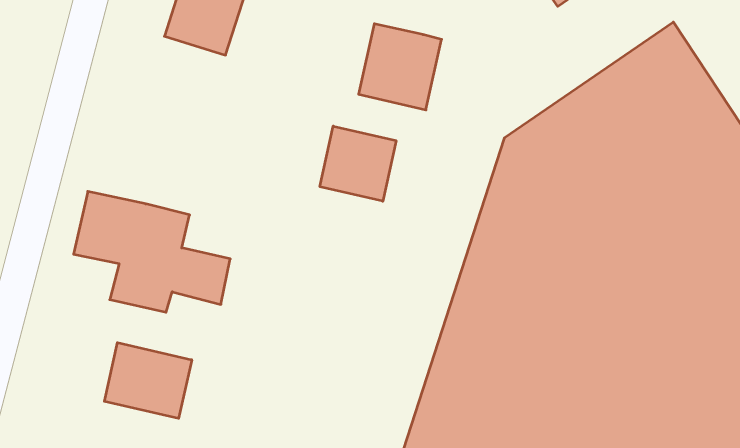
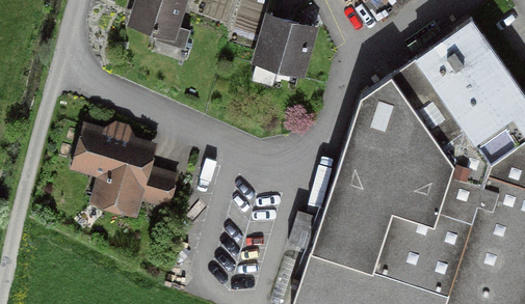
building: [320,126,396,201] -> none
building: [104,343,192,418] -> none

